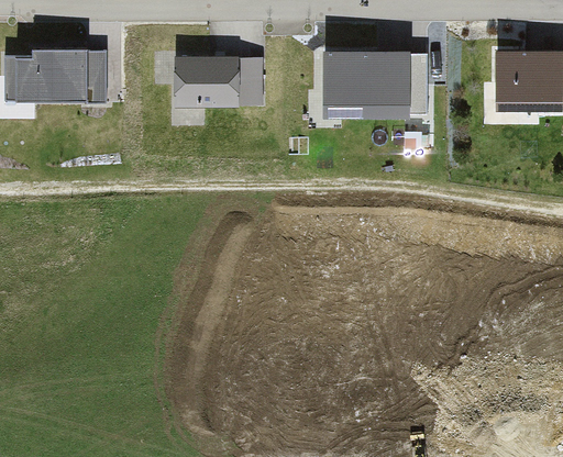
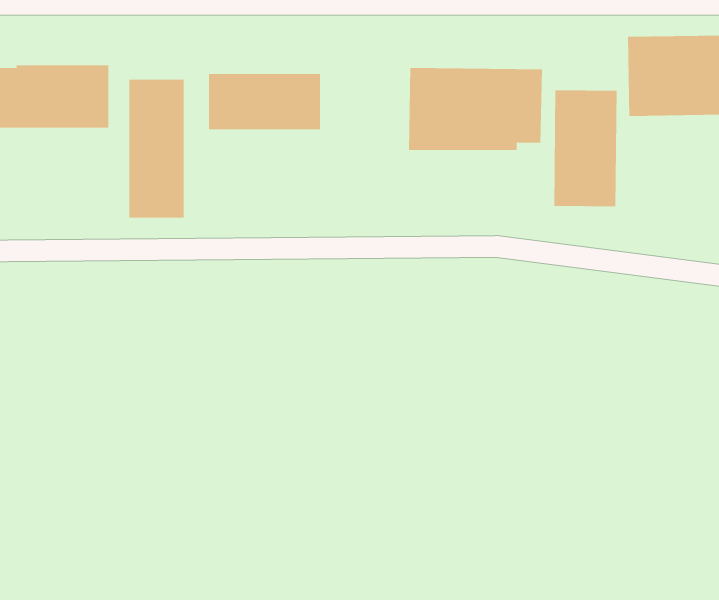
building: none -> [129,79,184,219]
building: none -> [554,89,617,207]

